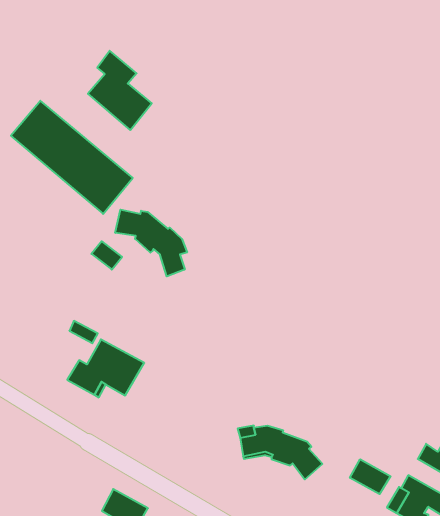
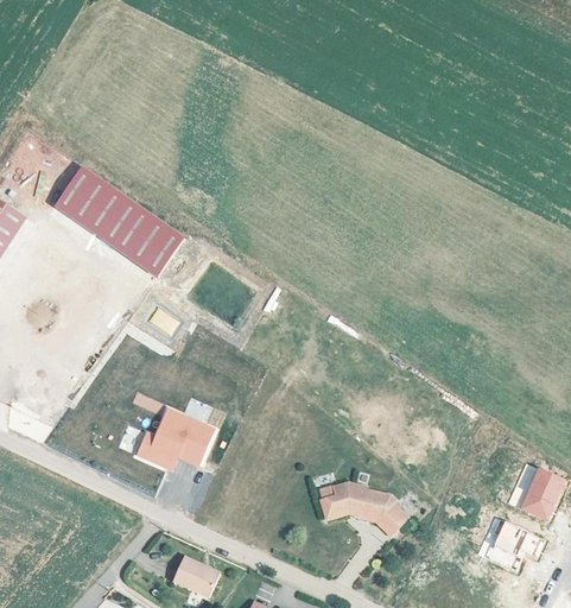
building: [88,51,152,130] -> none
building: [115,210,187,276] -> none
building: [350,459,391,494] -> none

